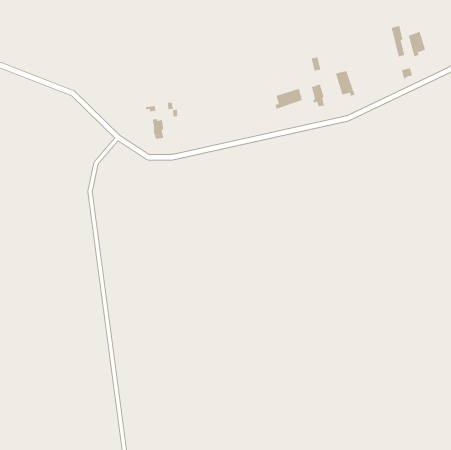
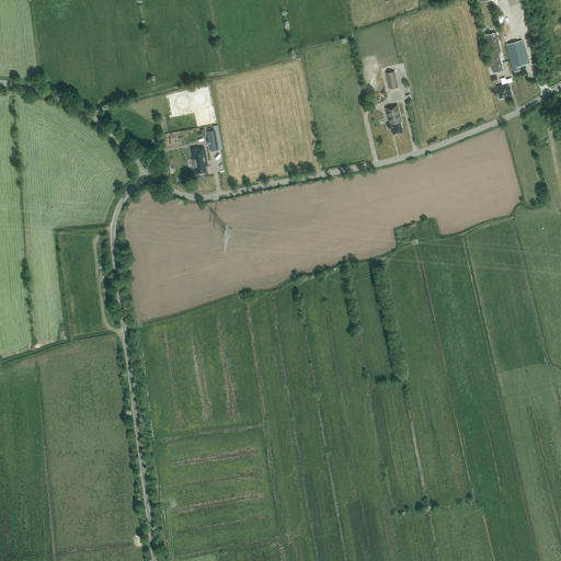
building: [335,70,355,97] -> none
building: [275,88,303,110] -> none

